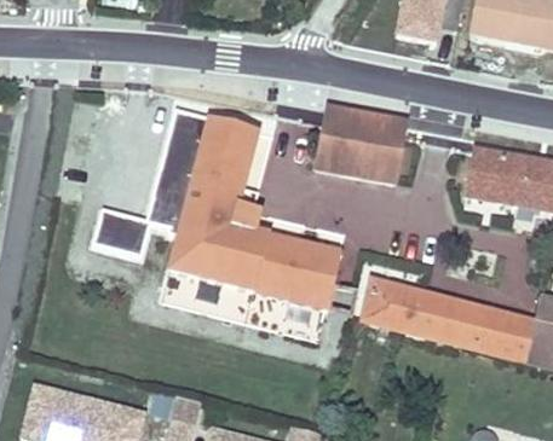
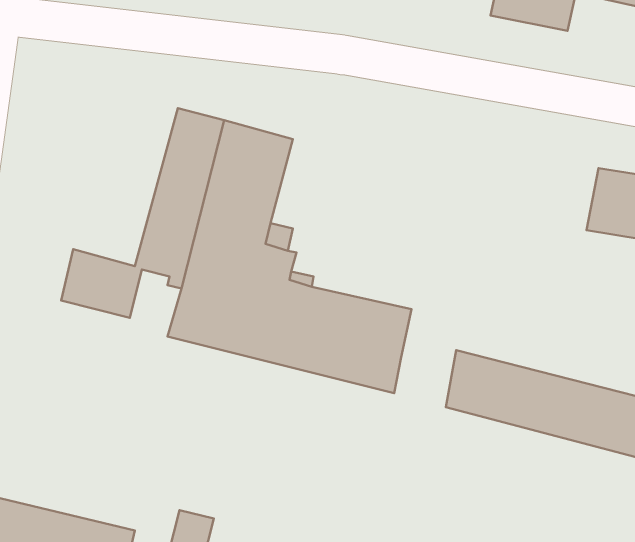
building: [318,111,407,181] -> none

